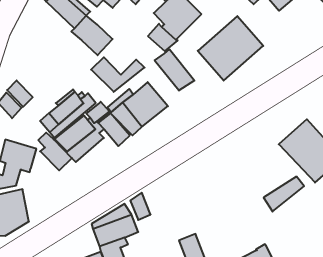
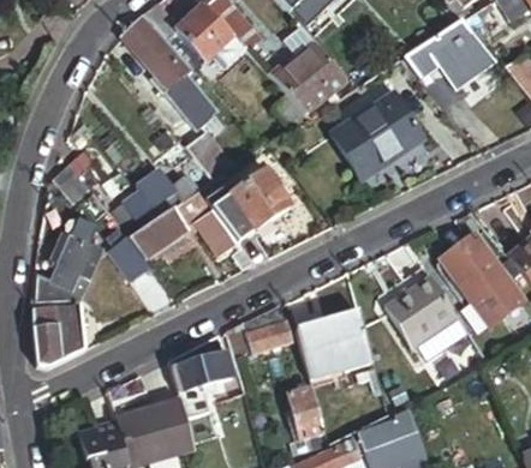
building: [155,49,194,91] -> none
building: none -> [387,280,458,344]
building: none -> [296,312,372,379]
building: none -> [241,306,290,354]

